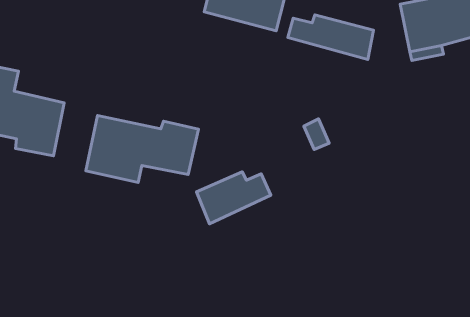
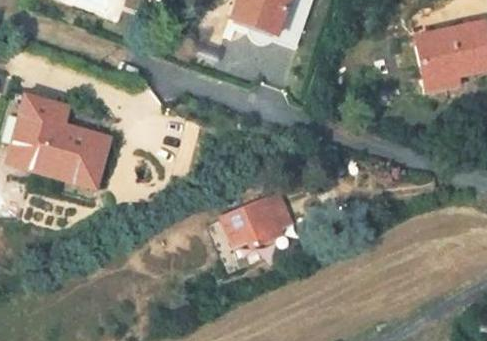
building: [288,15,374,59] -> none
building: [86,116,198,183] -> none

